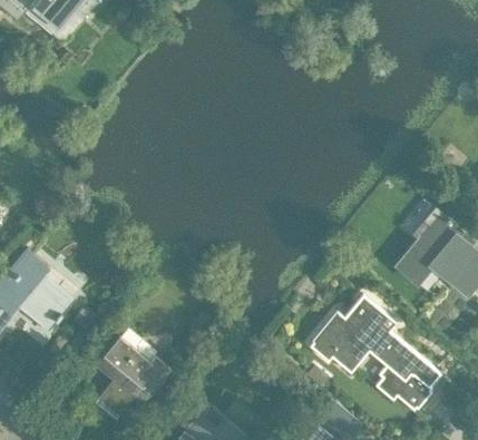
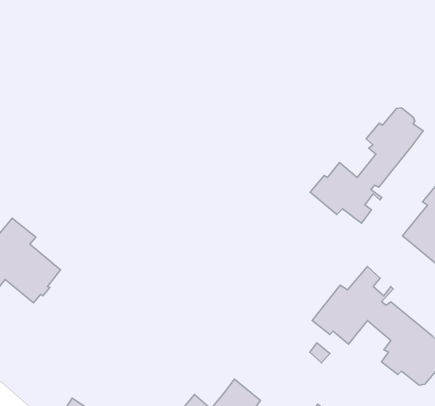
building: none -> [310,108,423,223]
building: [95,336,172,420] -> none

